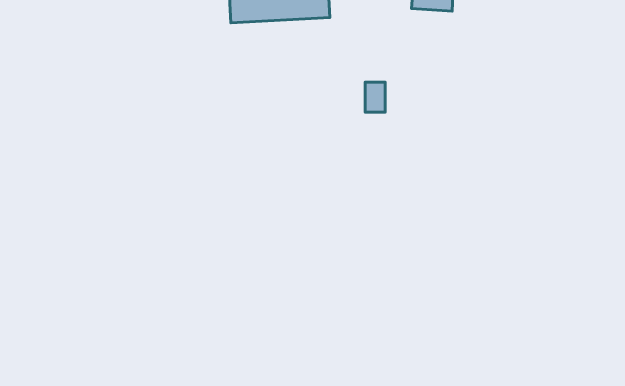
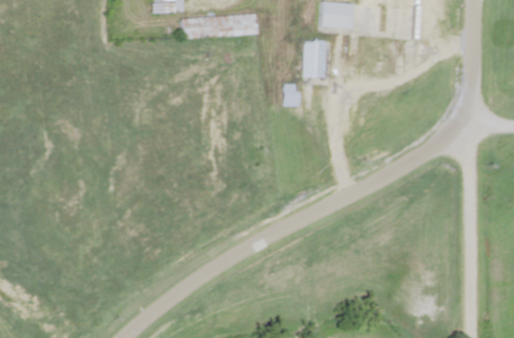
building: none -> [303,39,327,78]

